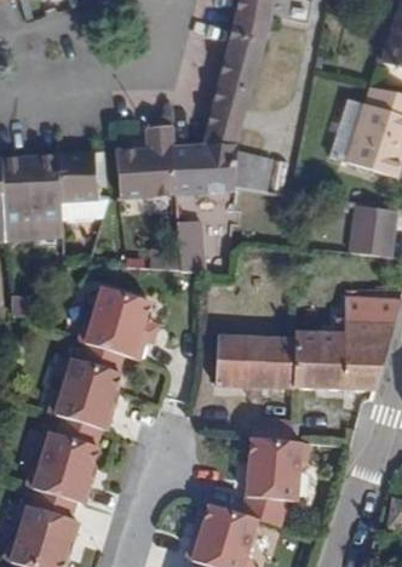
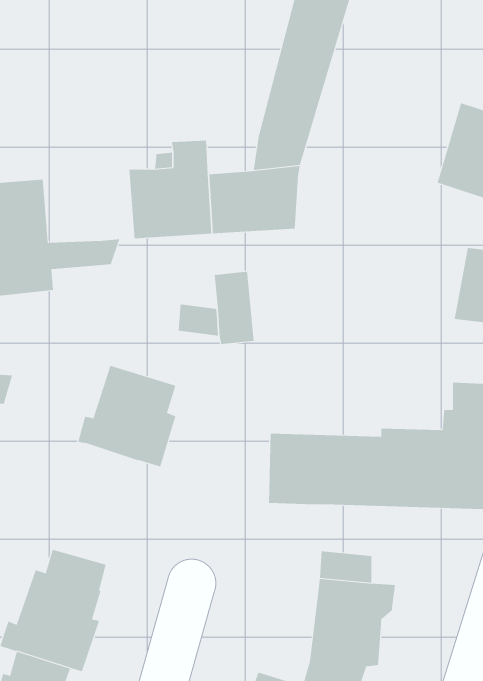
building: [56,149,97,199] -> none
building: [235,151,276,191] -> none
building: [48,342,124,430] -> none

